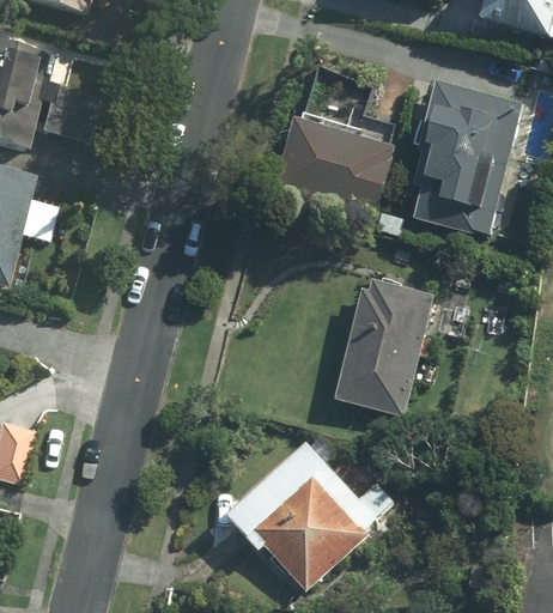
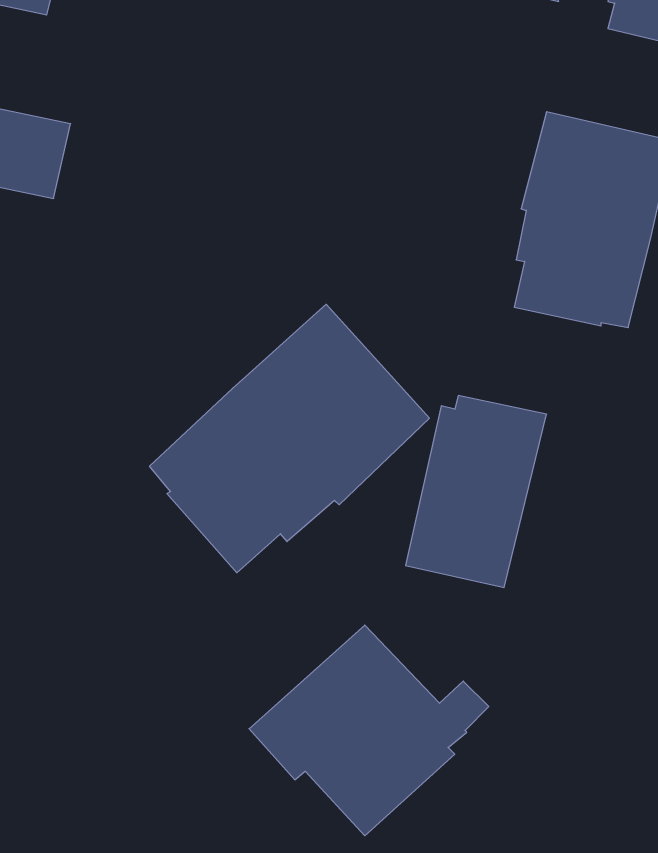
building: [276,119,394,211] -> none
building: none -> [150,304,429,573]

